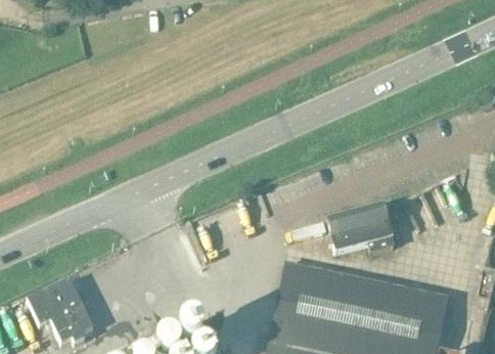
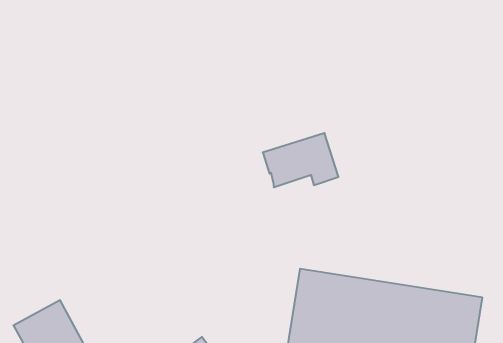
building: [326,205,393,251] -> [263,133,338,187]

